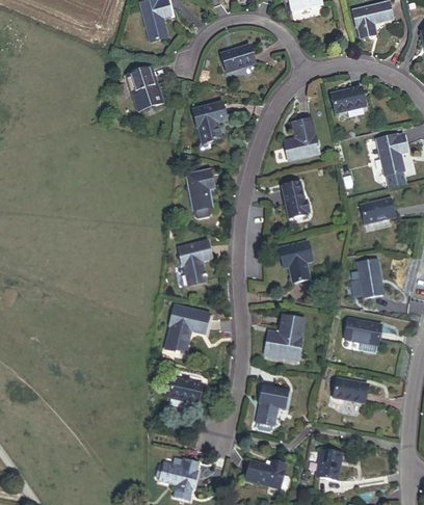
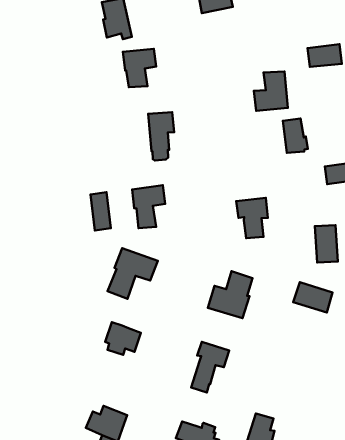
building: [192,103,226,142] -> [123,49,156,87]
building: [282,183,309,217] -> [283,118,308,153]
building: none -> [90,192,111,231]
building: [333,378,366,408] -> none

